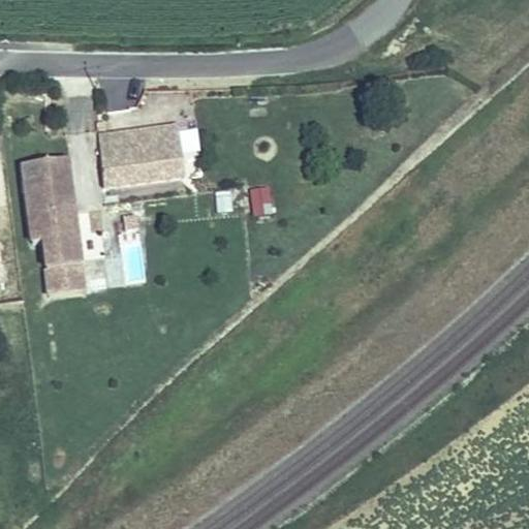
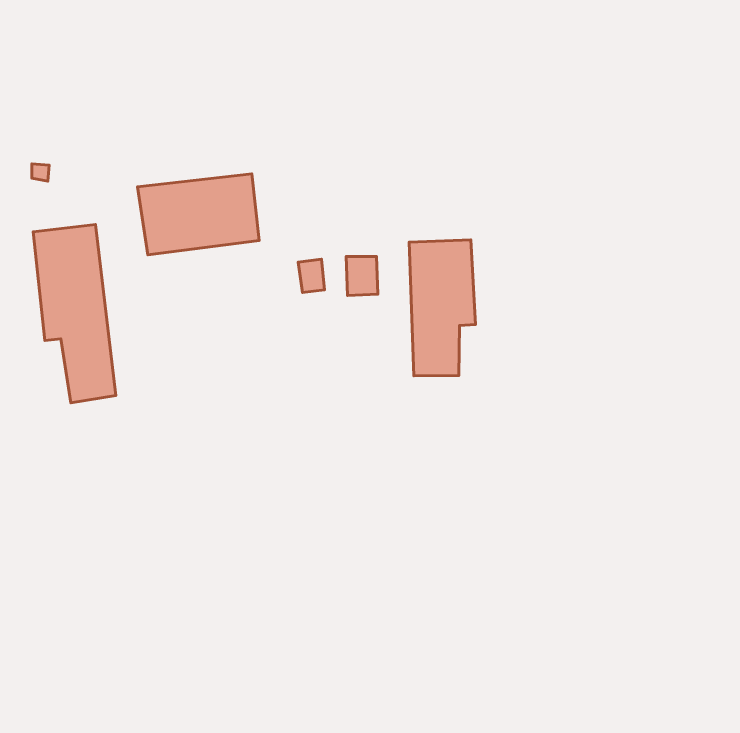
building: none -> [409,240,475,376]

